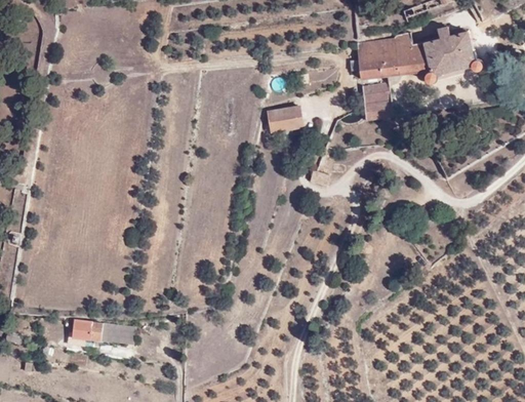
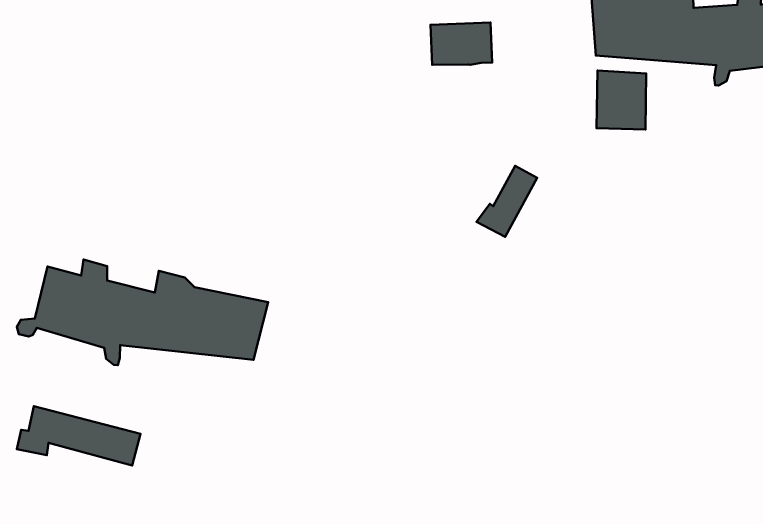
building: [265,105,302,133] -> [430,22,492,65]
building: none -> [17,259,268,365]

